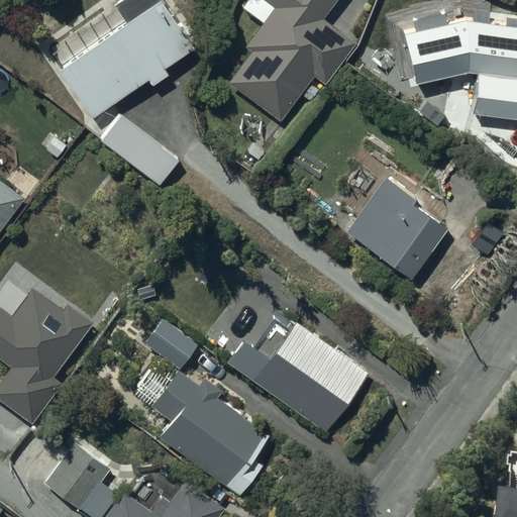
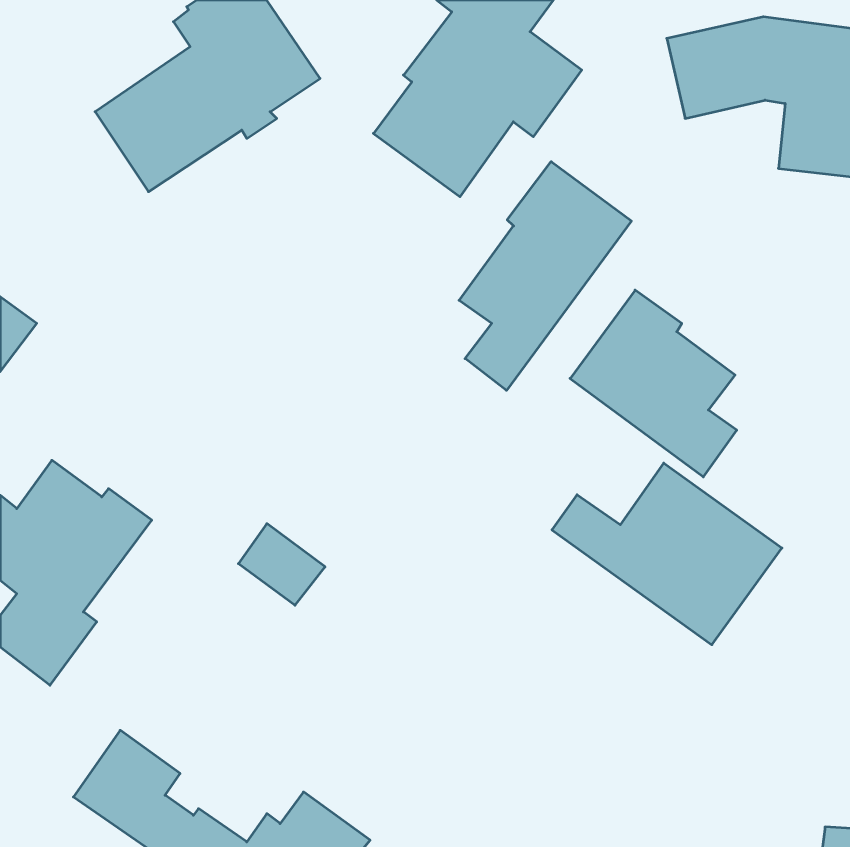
building: none -> [459,162,631,390]
building: [99,115,179,188] -> none
building: [227,322,367,432] -> [552,463,782,645]
building: [150,371,271,498] -> none

